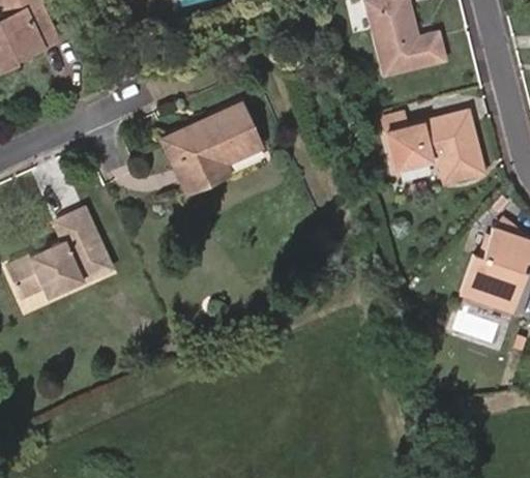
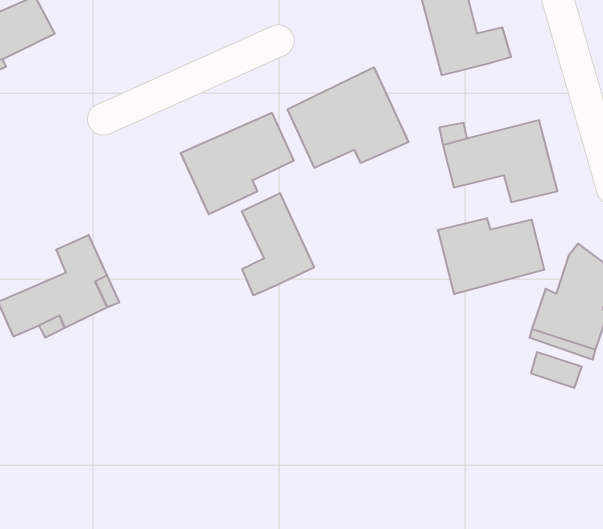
building: none -> [288,67,408,168]
building: none -> [242,193,314,295]
building: none -> [438,218,544,294]

